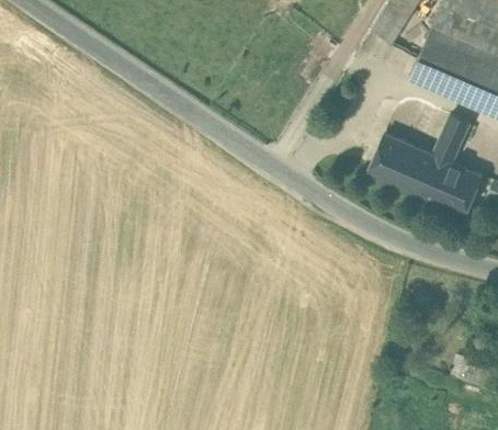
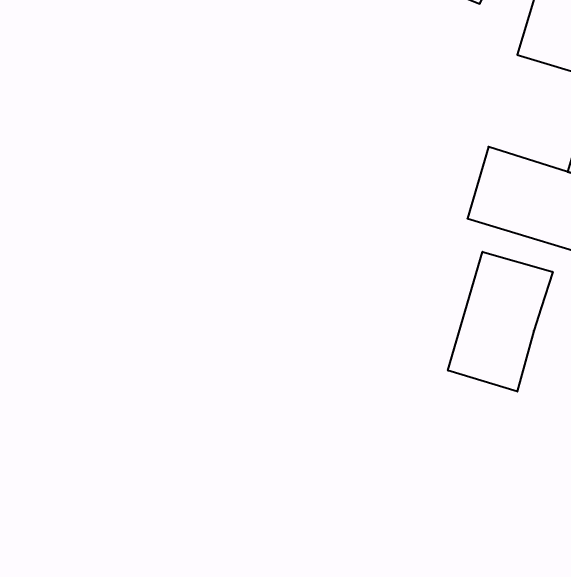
building: none -> [448,252,553,392]

